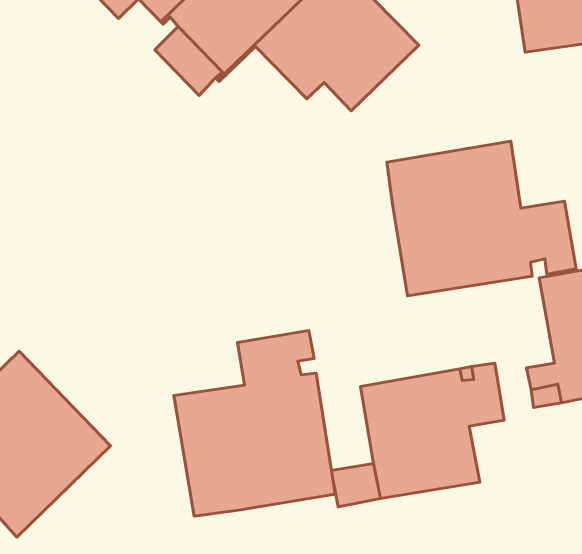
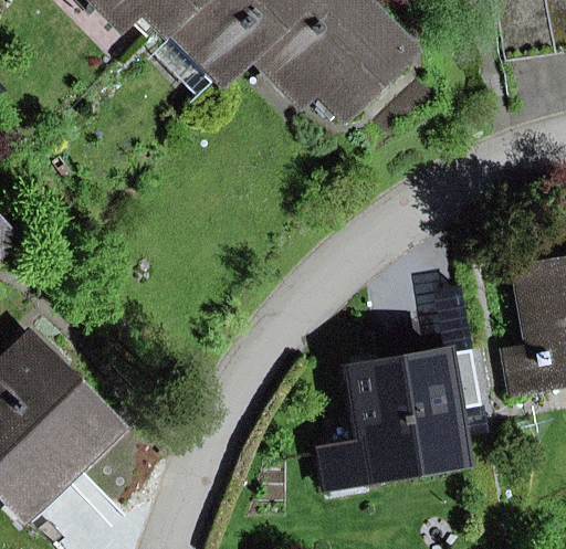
building: [387,141,576,296] -> none
building: [174,330,335,516] -> none

